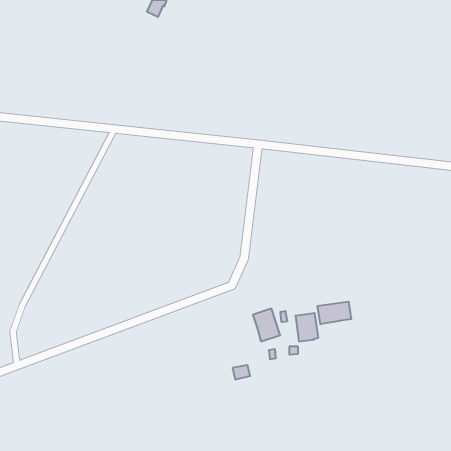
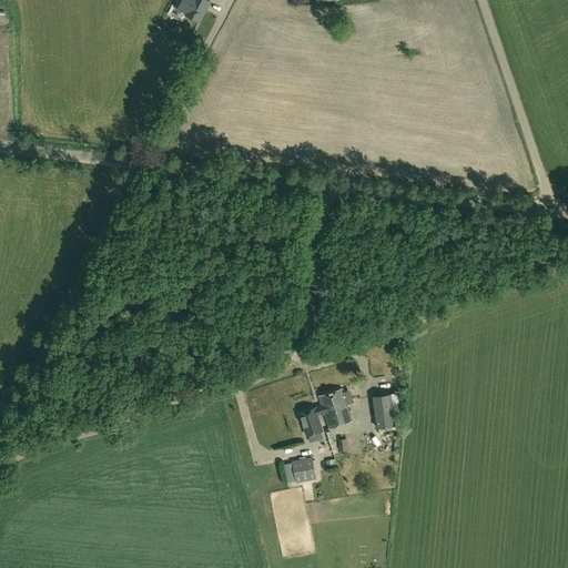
building: [318,302,351,324] -> none
building: none -> [298,406,323,437]

